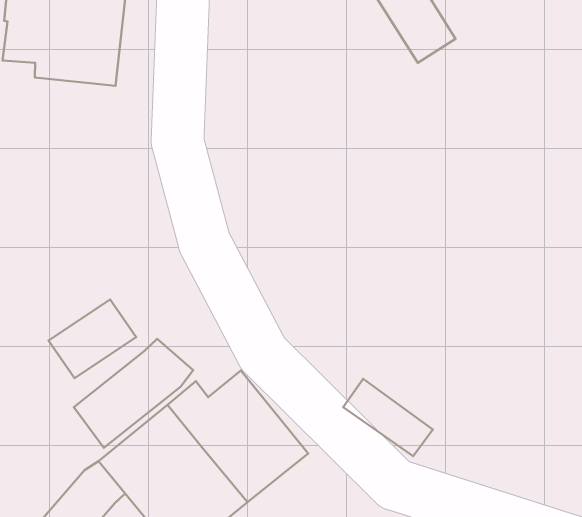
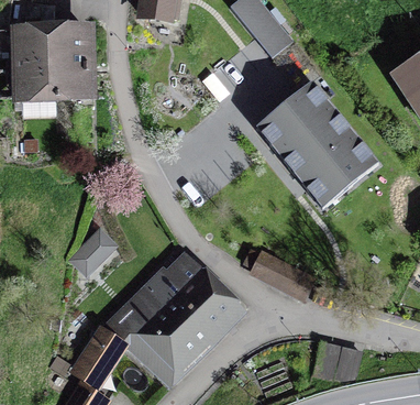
building: none -> [255,81,378,209]
building: [74,339,193,448] -> none

